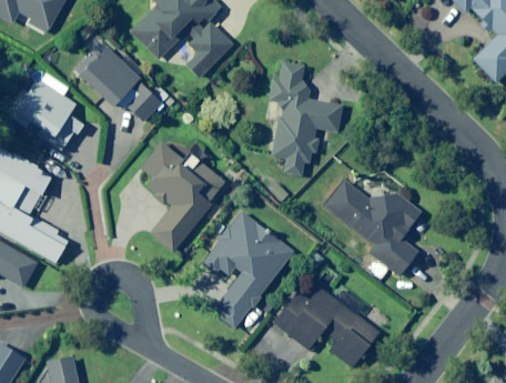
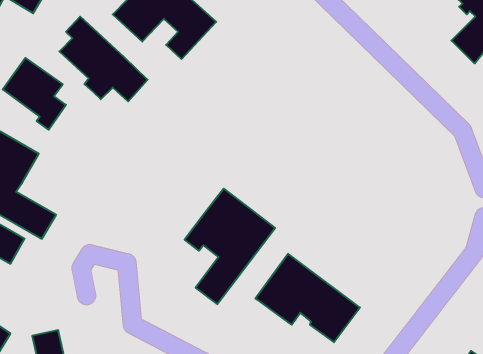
building: [265,62,344,175] -> none
building: [141,135,225,251] -> none
building: [326,182,422,276] -> none

